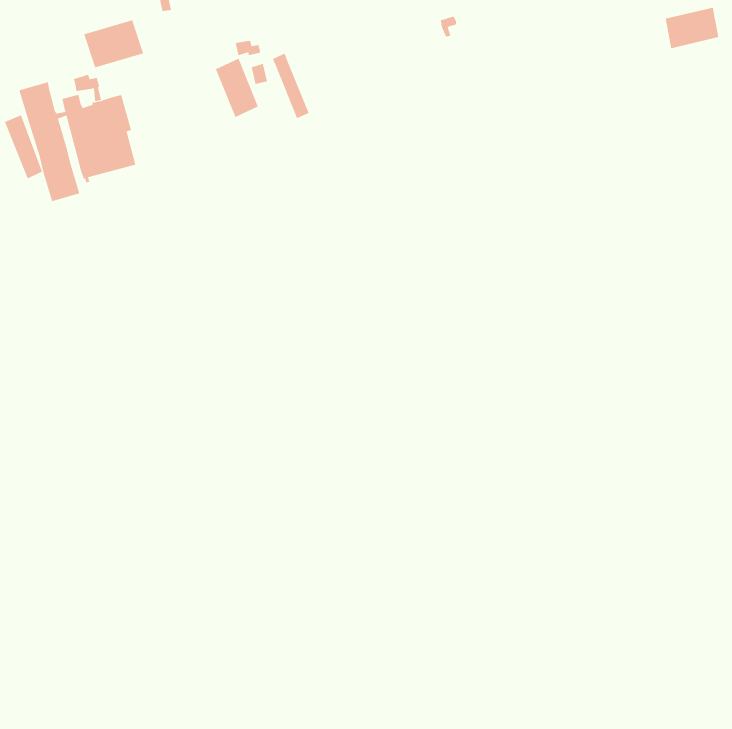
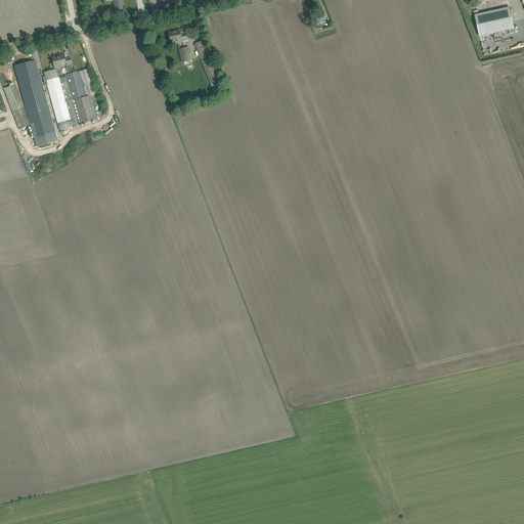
building: [83,19,144,68] -> none
building: [215,58,259,118] -> none

